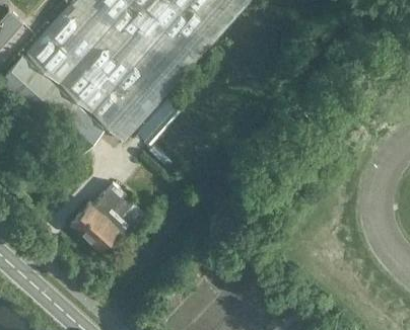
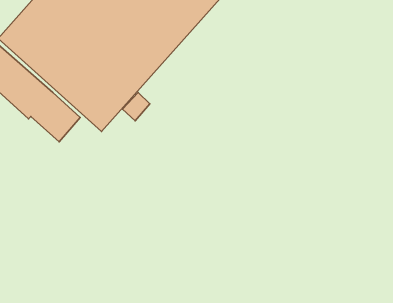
building: [73,183,137,249] -> none

